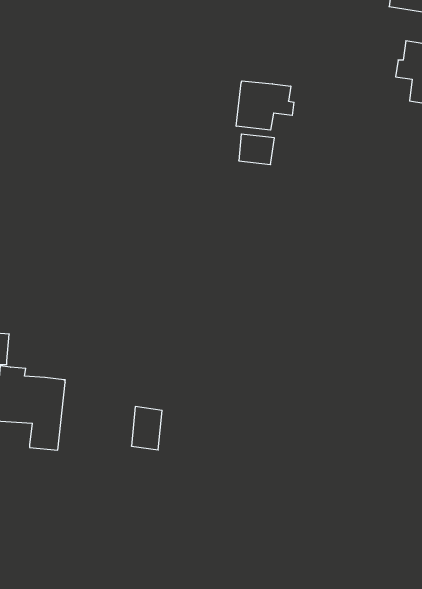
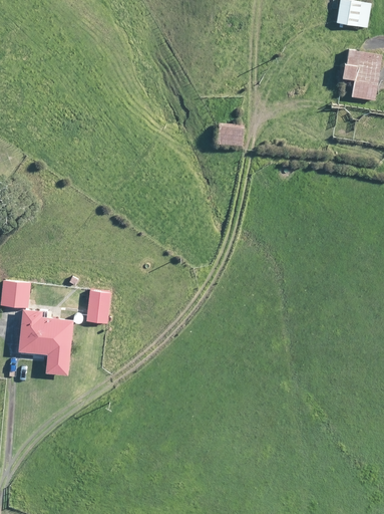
building: [236,81,294,130] -> none
building: [131,407,162,450] -> [88,289,112,323]

